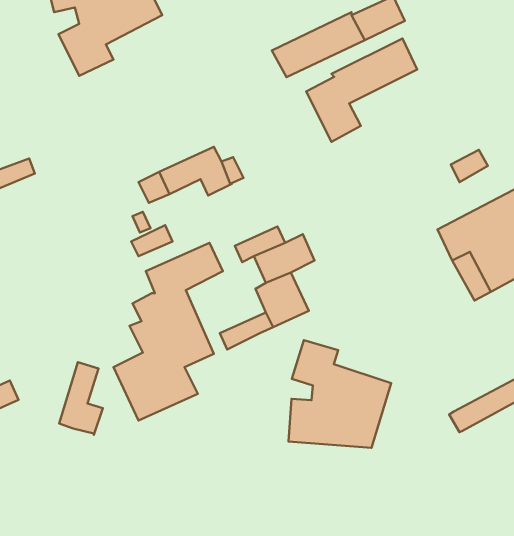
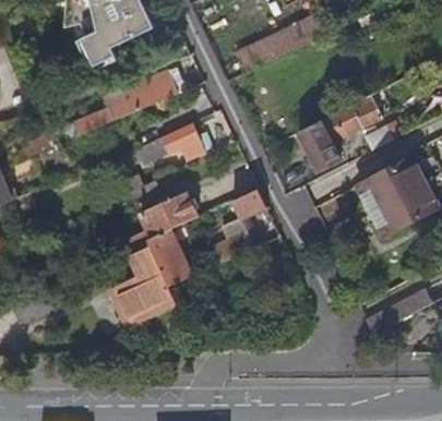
building: [306,38,417,142] -> [299,93,381,169]
building: none -> [72,71,178,135]
building: [289,340,391,448] -> none
building: [59,362,103,435] -> none

